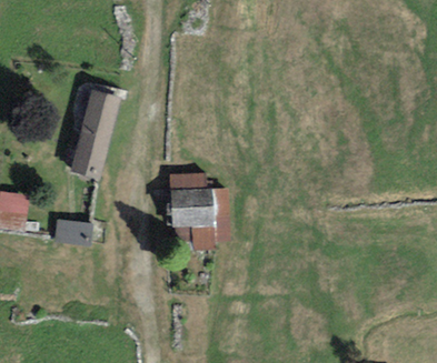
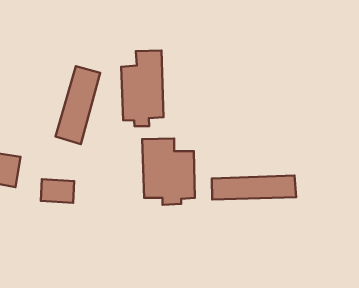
building: none -> [121,50,164,126]
building: none -> [212,175,296,199]

